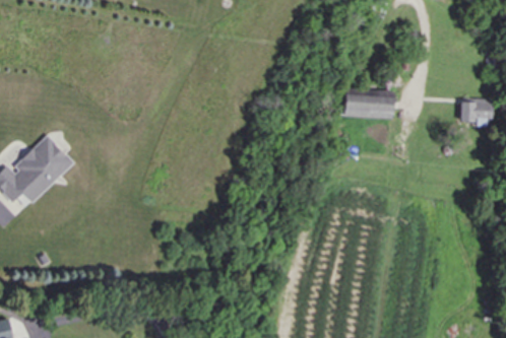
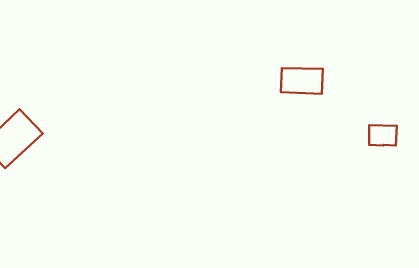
building: [460,98,492,122] -> [369,125,397,146]

